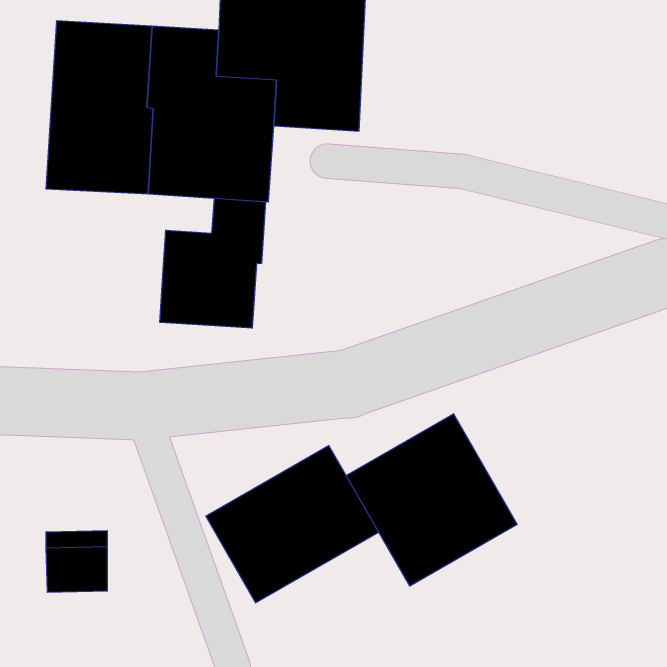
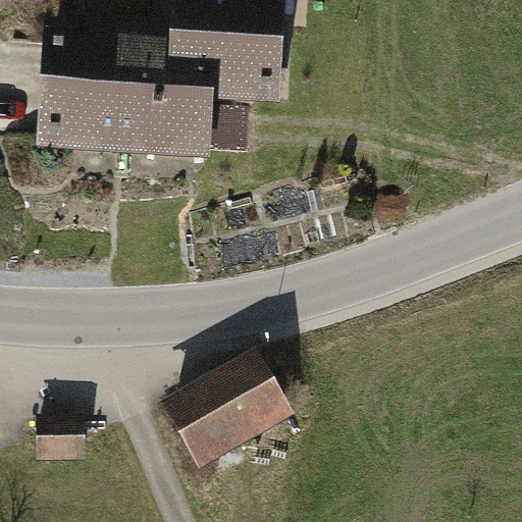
building: [160,198,266,328] -> none
building: [346,414,517,586] -> none

